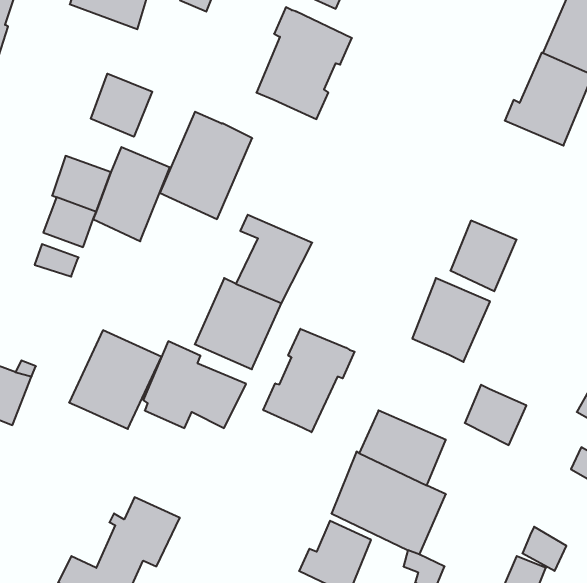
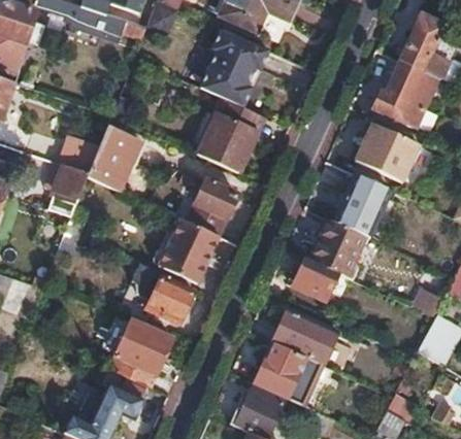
building: [91,74,152,137] -> none
building: [160,112,252,219] -> [200,99,265,174]
building: none -> [358,124,419,180]
building: [263,329,355,432] -> none
building: [69,330,162,429] -> [106,317,171,386]
building: [465,385,526,445] -> [293,258,336,300]

